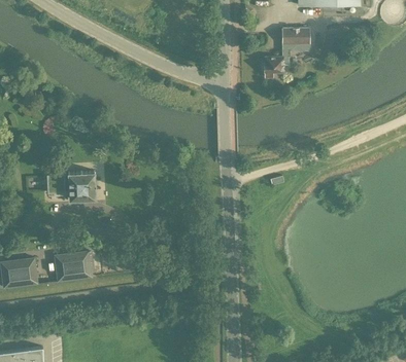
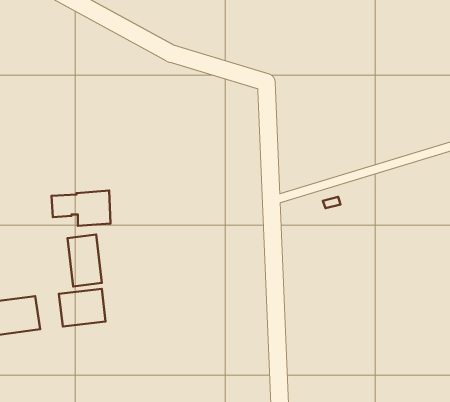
building: [262,27,310,78] -> none
building: none -> [68,235,102,286]

